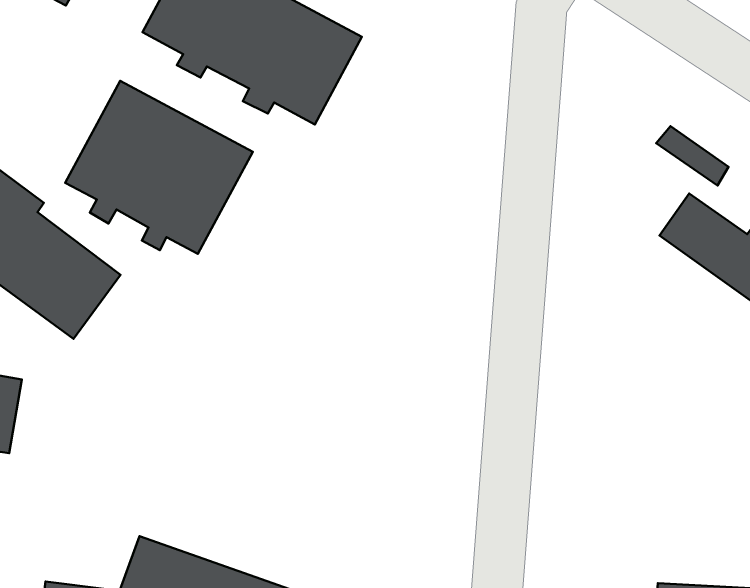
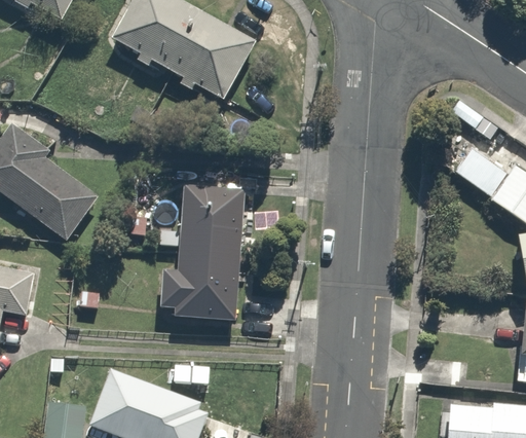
building: [65,81,253,254] -> none
building: none -> [159,186,243,323]

